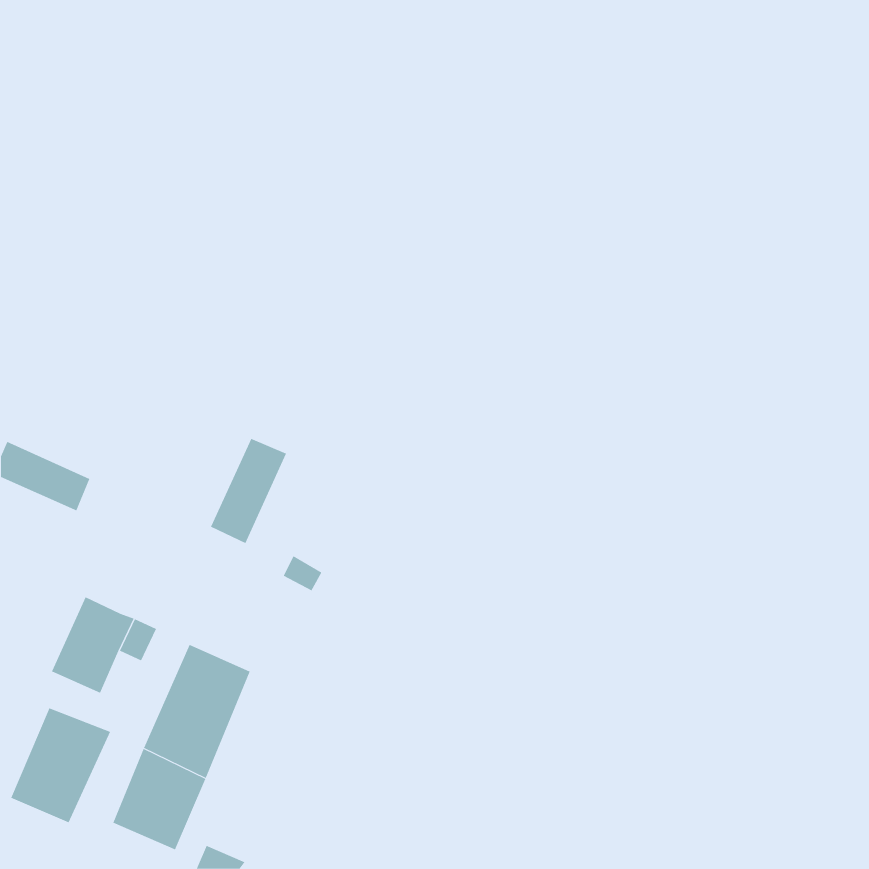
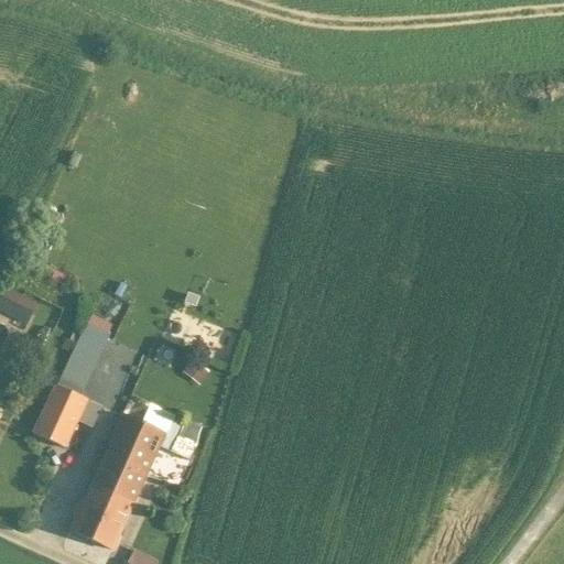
building: [210,438,287,544] -> [56,328,106,397]
building: [10,707,111,823] -> none

